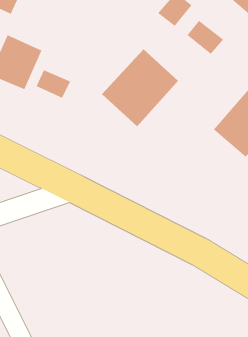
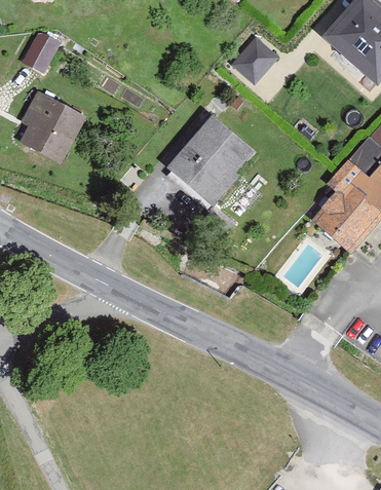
building: [186,20,224,55] -> none
building: [35,69,71,99] -> none

